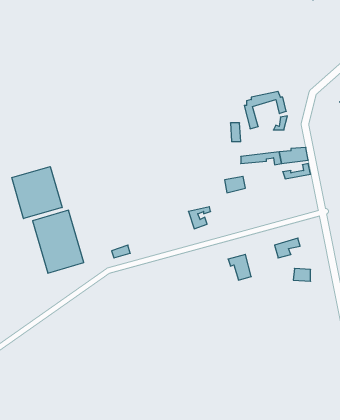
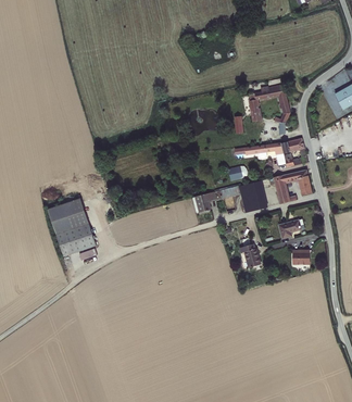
building: [12,167,62,219] -> none
building: none -> [276,172,314,208]

